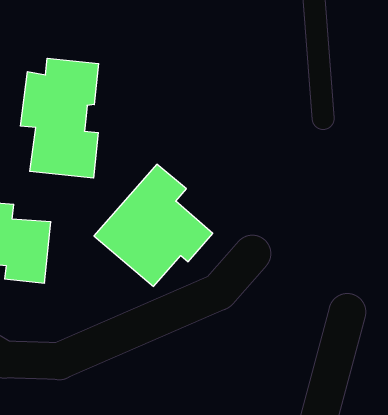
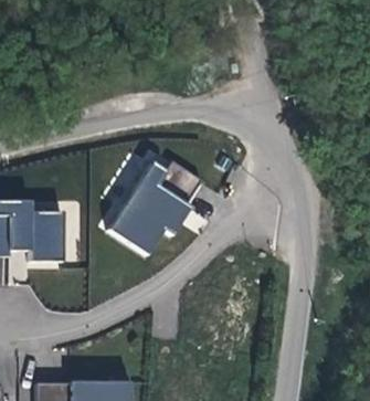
building: [21,58,99,178] -> none

